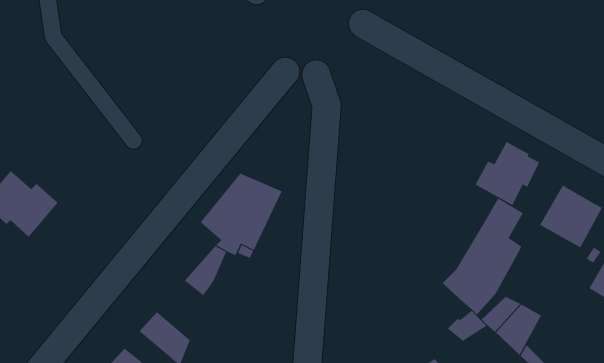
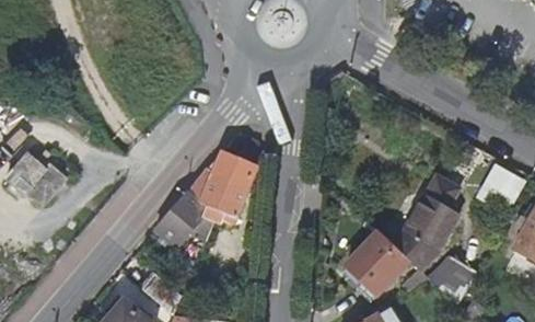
building: [475,141,540,206] -> none
building: none -> [158,191,206,240]
building: none -> [346,229,410,295]

